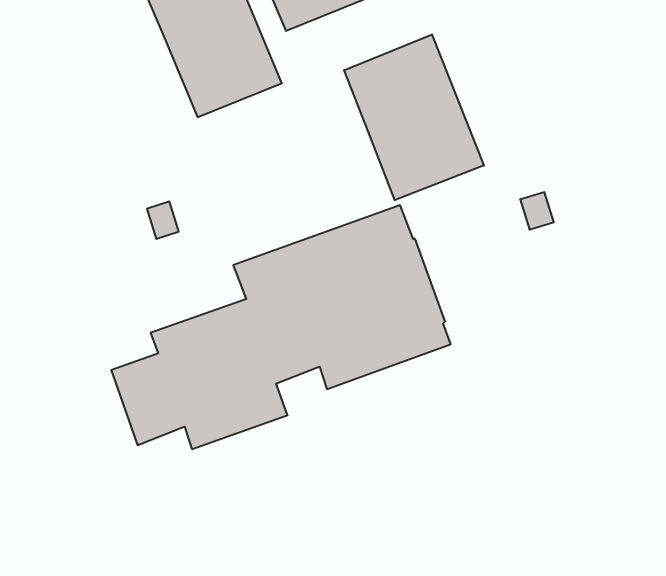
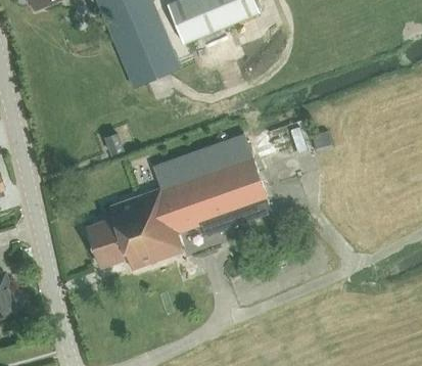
building: [344,34,484,200] -> none

